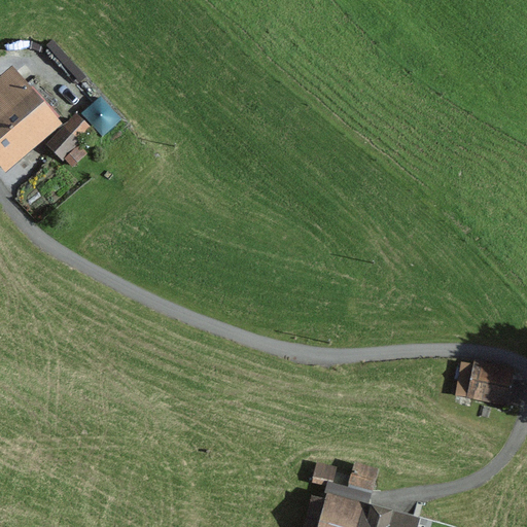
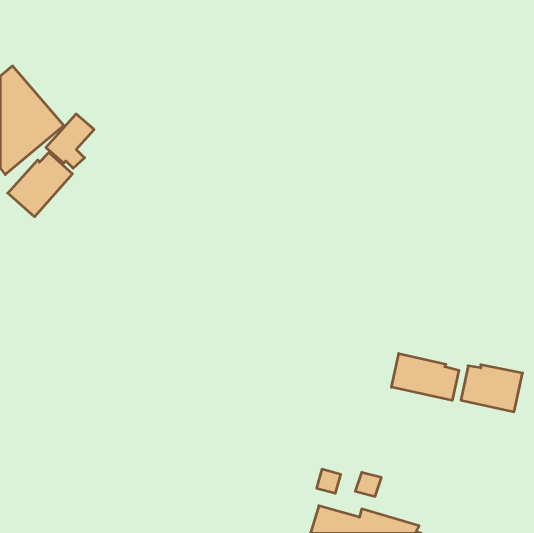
building: none -> [8,153,72,217]
building: none -> [391,353,459,400]

